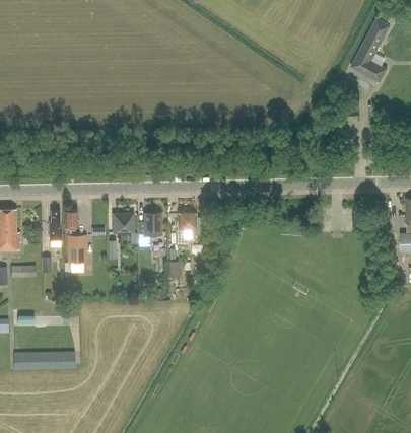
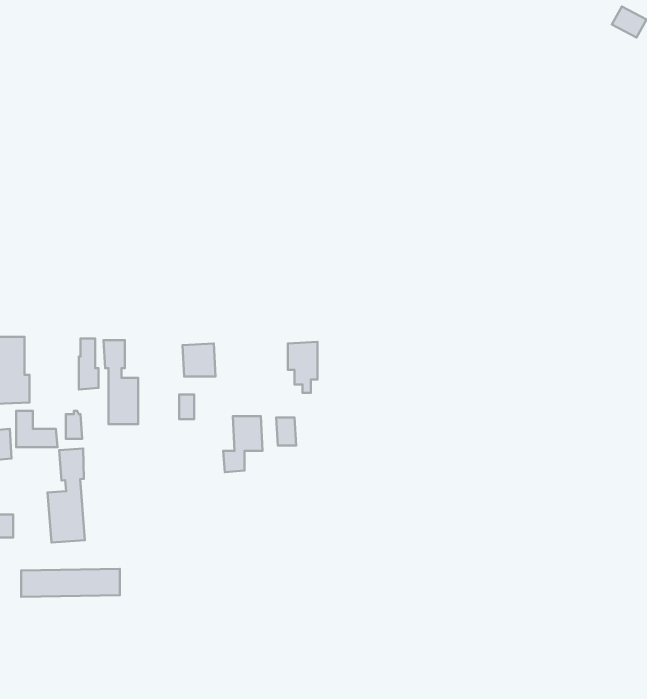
building: [351,18,390,82] -> none
building: [138,213,162,247] -> [223,416,263,472]
building: none -> [48,448,85,543]

